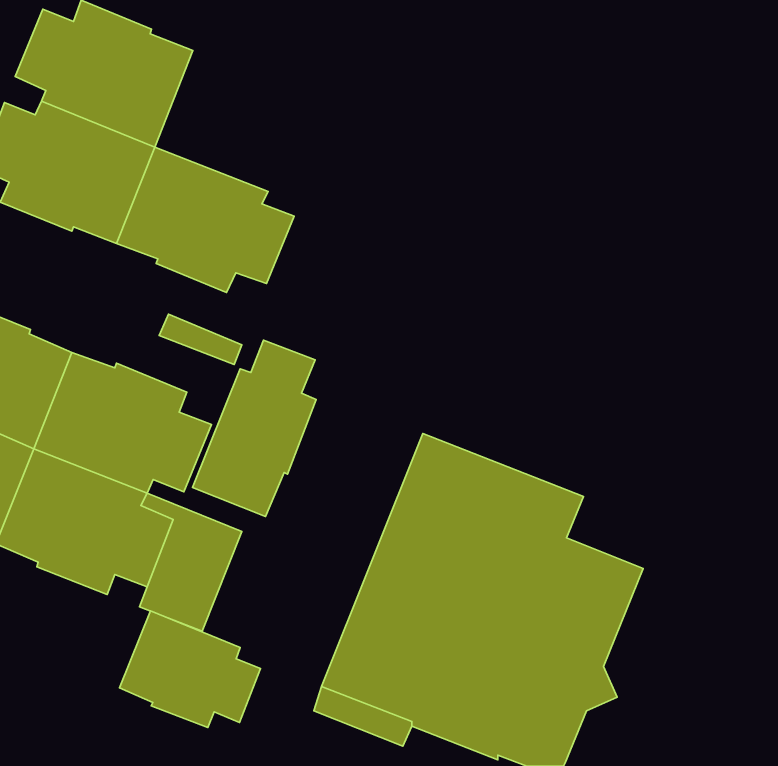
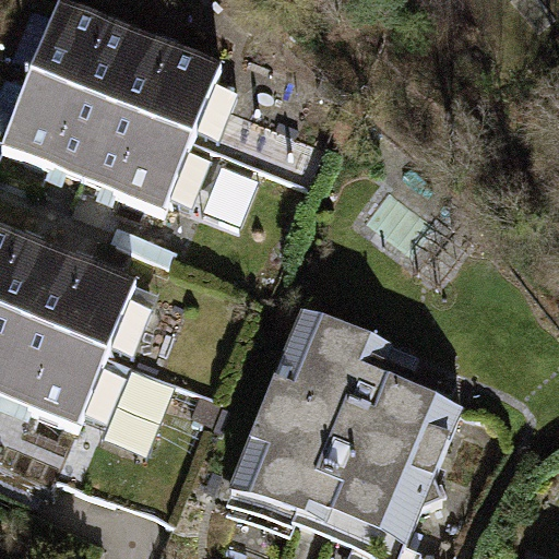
building: none -> [110,36,237,136]
building: [193,340,316,516] -> none
building: [120,611,261,728] -> none

